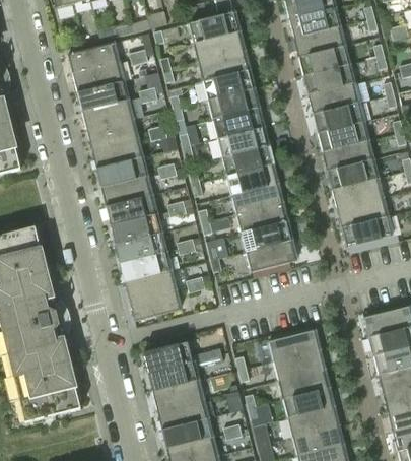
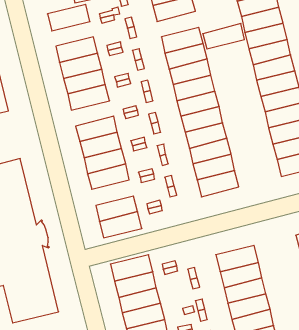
building: [199,51,249,81] -> [203,23,244,49]
building: [73,63,123,92] -> none
building: [96,157,147,188] -> none
building: [121,252,170,282] -> none

